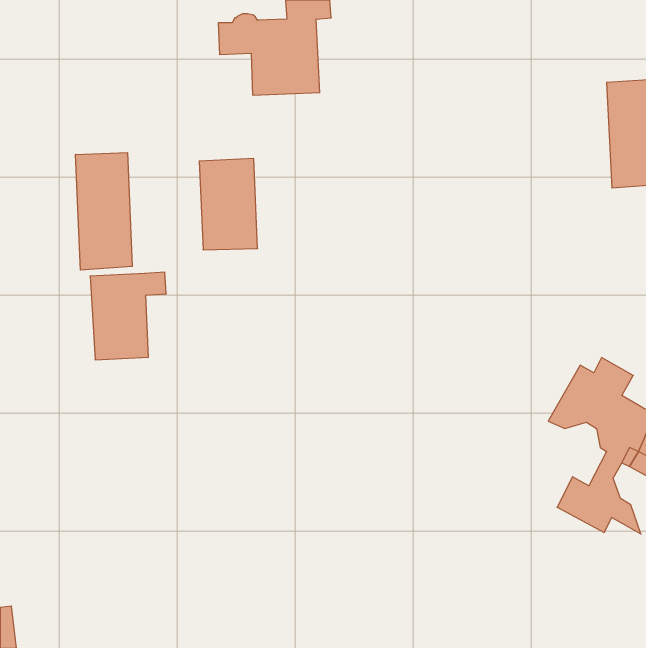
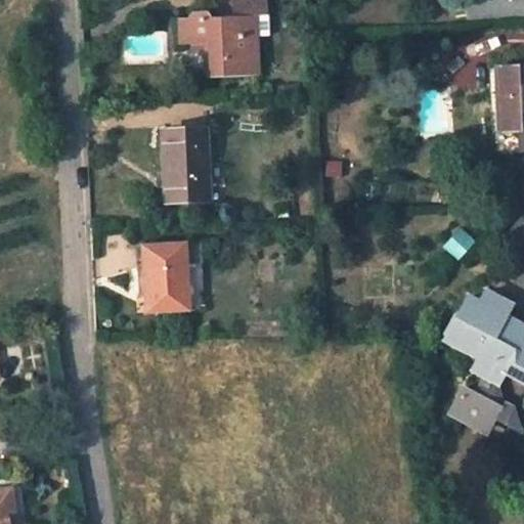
building: [76,153,132,270] -> none
building: [90,272,166,360] -> [143,242,205,312]

